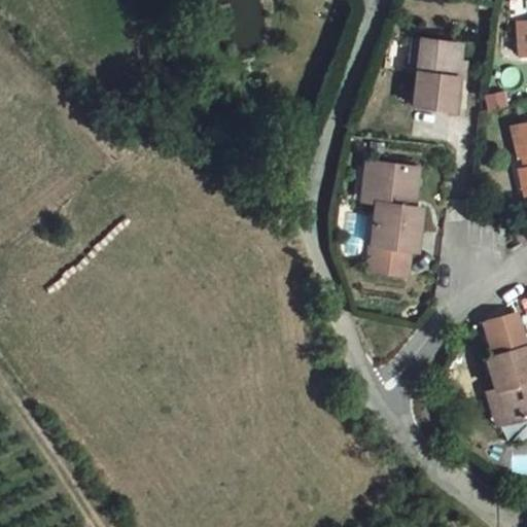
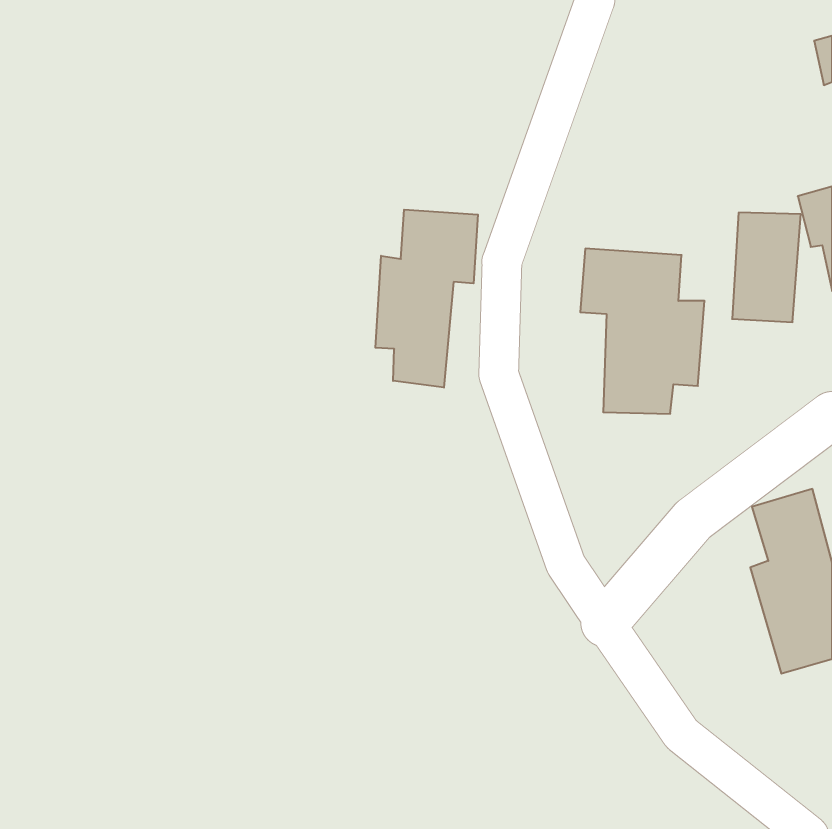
building: [430,41,473,110] -> [732,213,801,322]
building: none -> [375,210,478,388]

